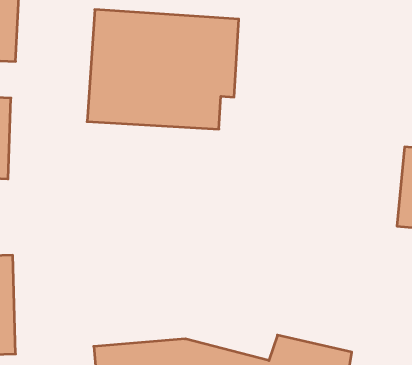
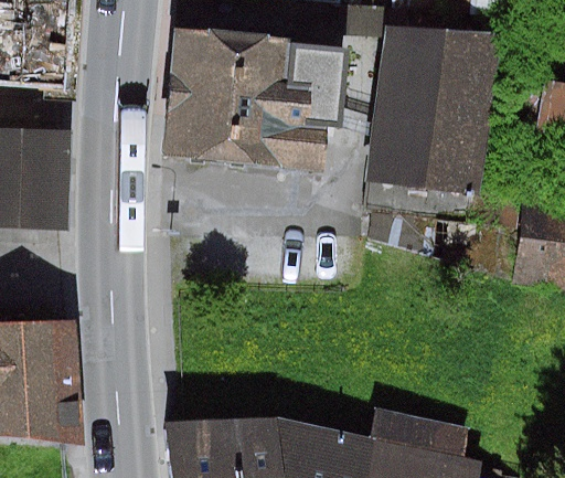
building: none -> [375,31,477,182]

